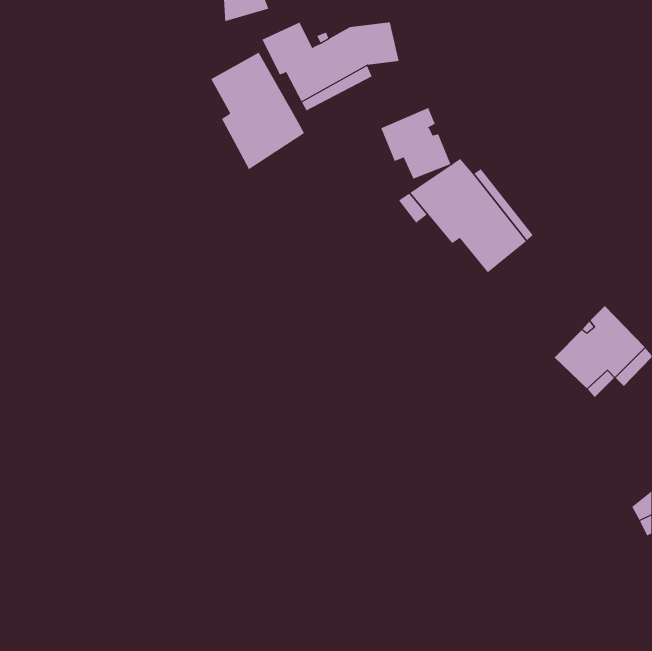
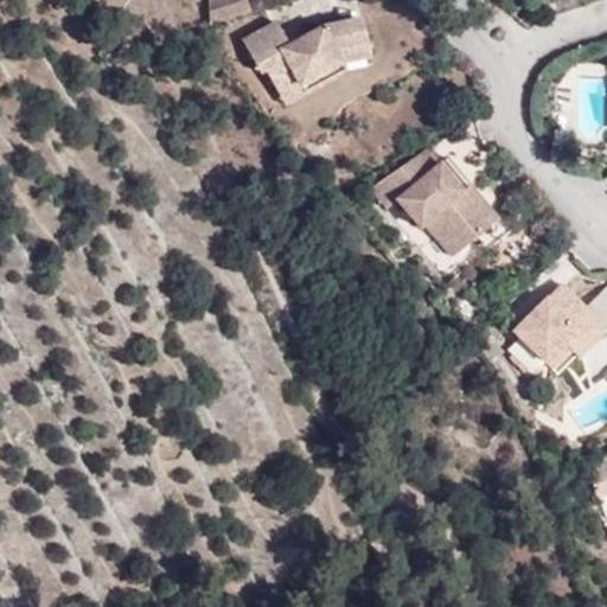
building: [210,52,305,170] -> none
building: [381,107,451,180] -> none

